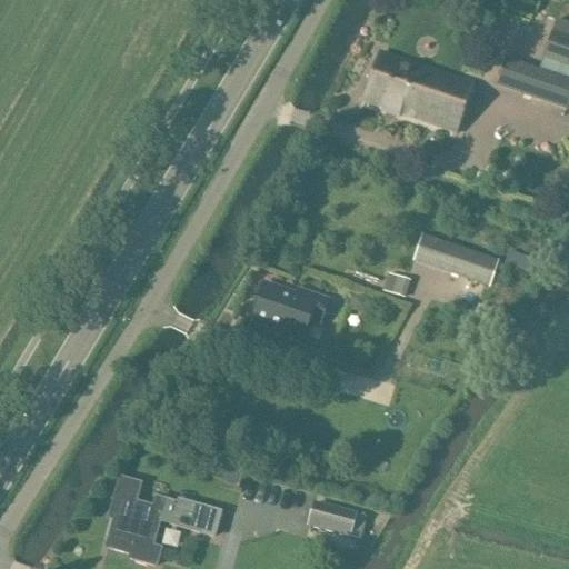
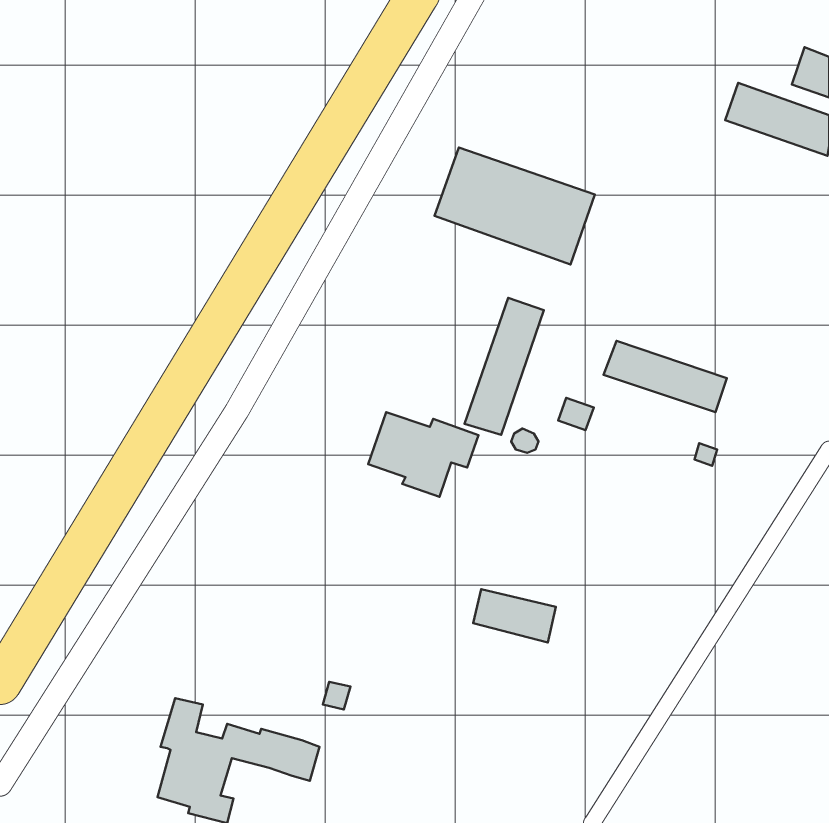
building: [362,51,472,131] -> [434,148,595,264]
building: none -> [464,298,544,435]
building: [309,502,366,539] -> [473,589,556,643]

